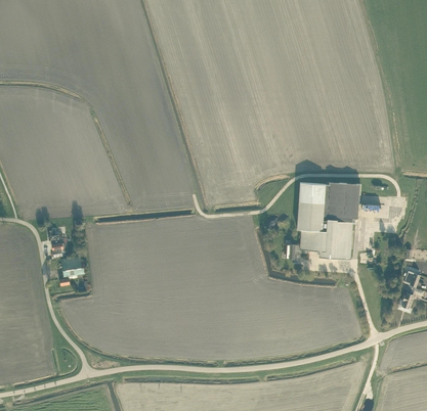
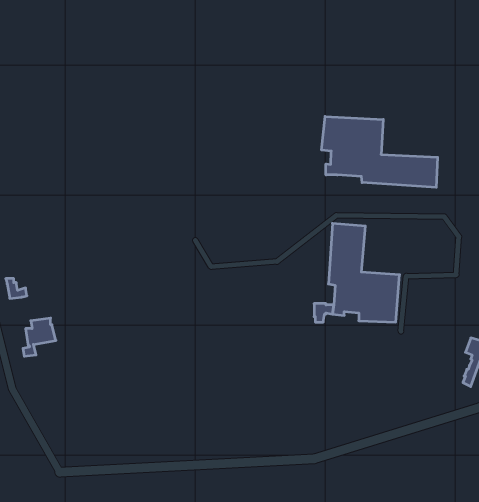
building: none -> [322,116,438,187]
building: [327,182,359,218] -> none

